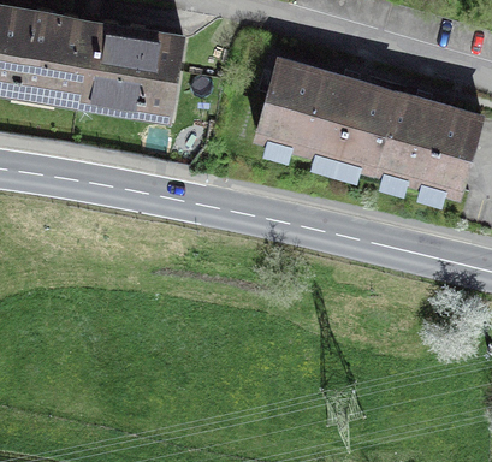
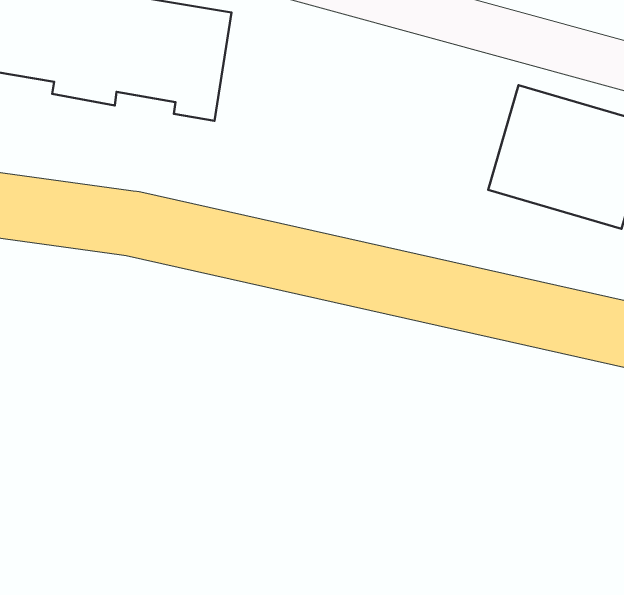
building: [256,58,387,164] -> none

